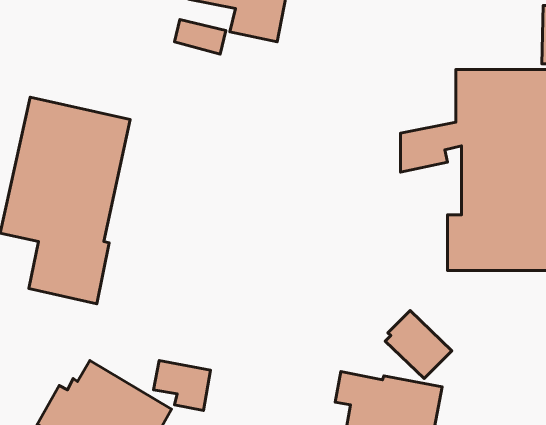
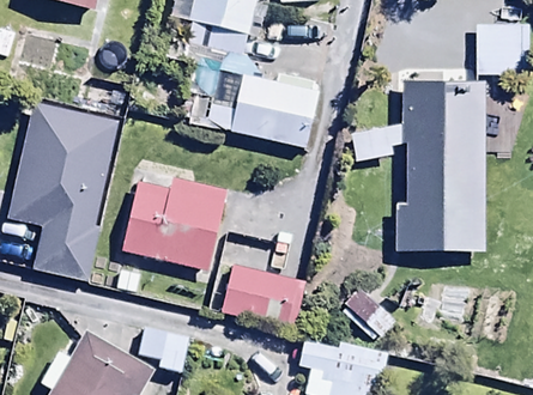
building: none -> [208,74,317,148]
building: none -> [122,178,225,268]
building: none -> [219,265,304,329]

